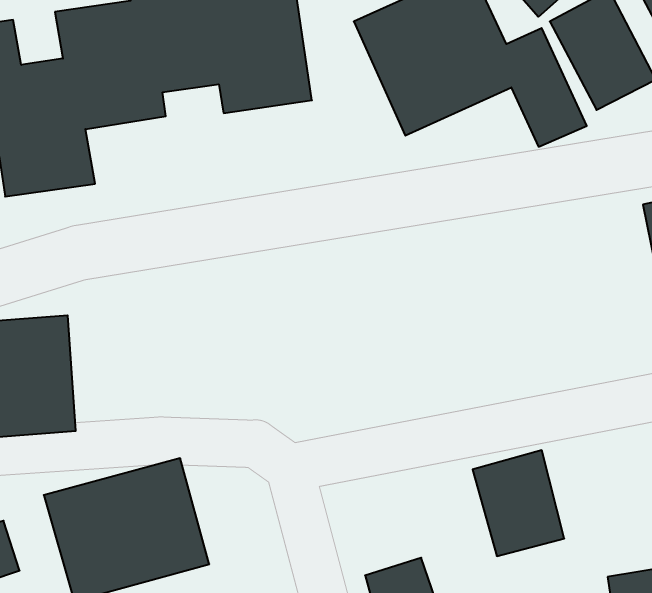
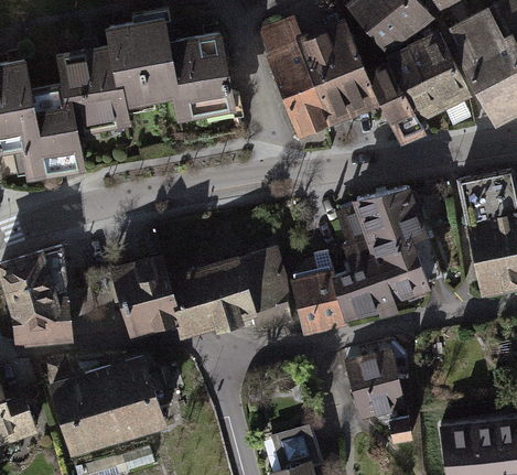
building: none -> [292,191,430,335]
building: none -> [111,248,293,338]

